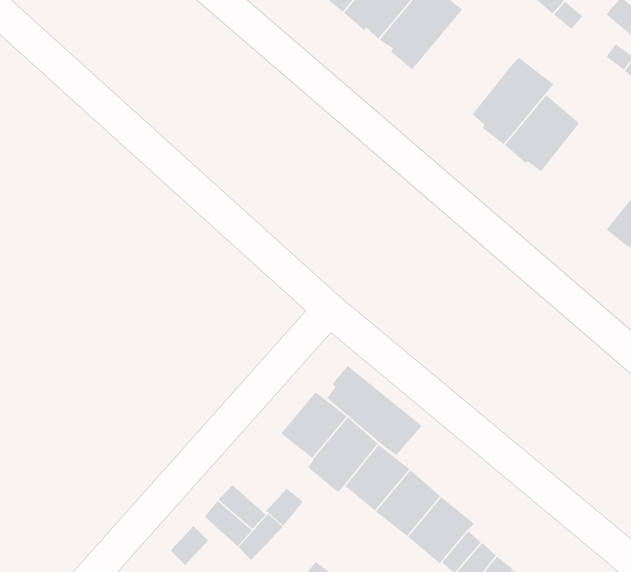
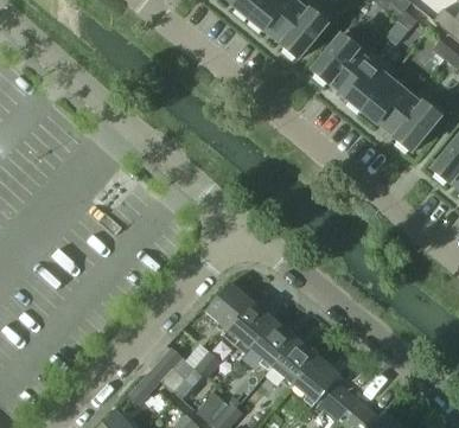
building: none -> [313,36,366,90]
building: none -> [388,89,446,152]
building: [326,365,423,456] -> none

